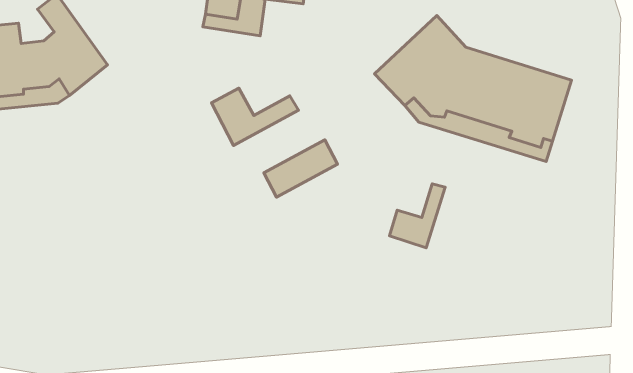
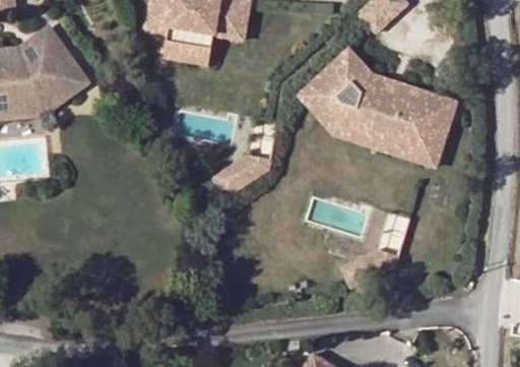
building: [211,88,298,145] -> none
building: [389,184,445,248] -> none

